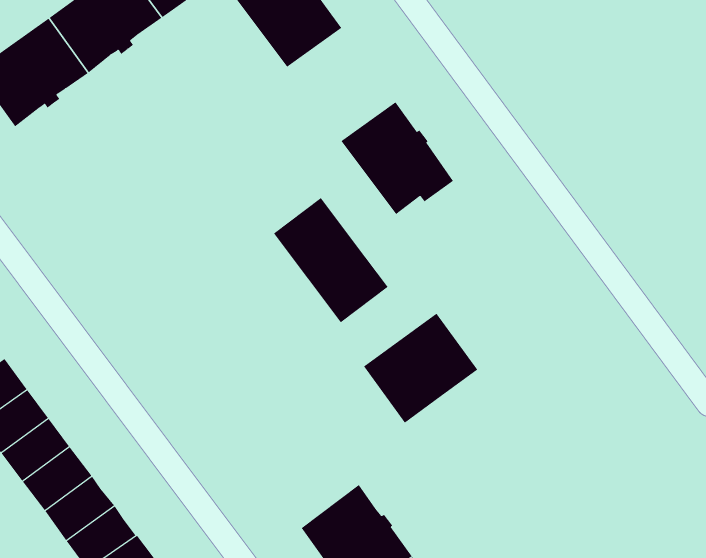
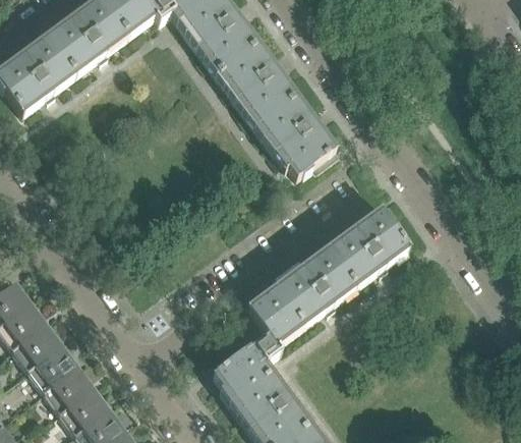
building: none -> [217,42,295,123]
building: [273,197,388,323] -> none
building: none -> [325,208,408,287]
building: none -> [211,285,301,401]

